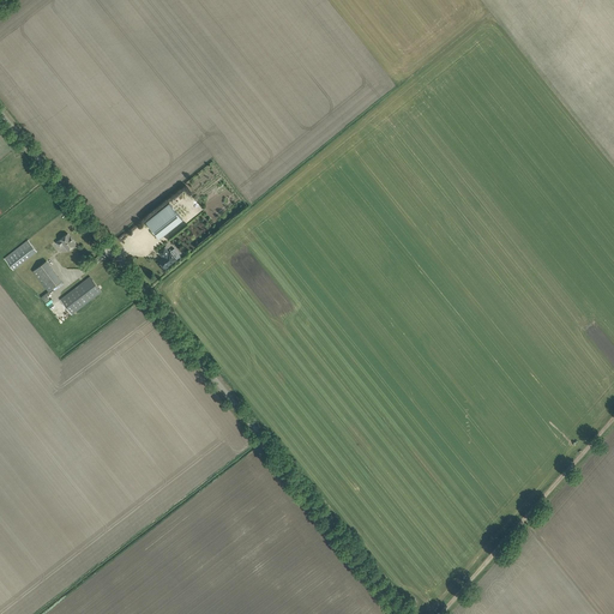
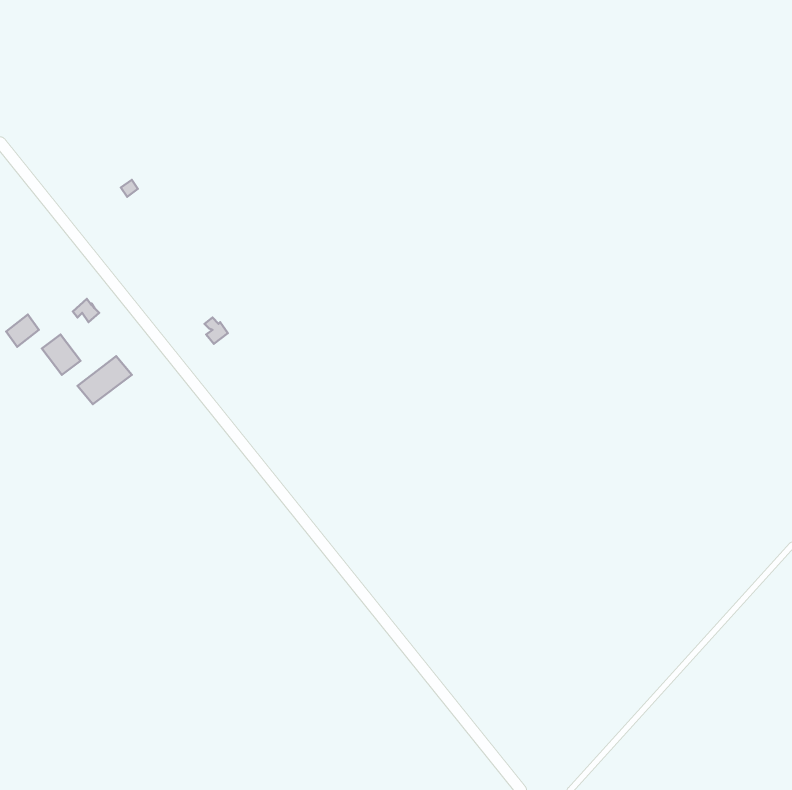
building: [146,201,182,237] -> none

